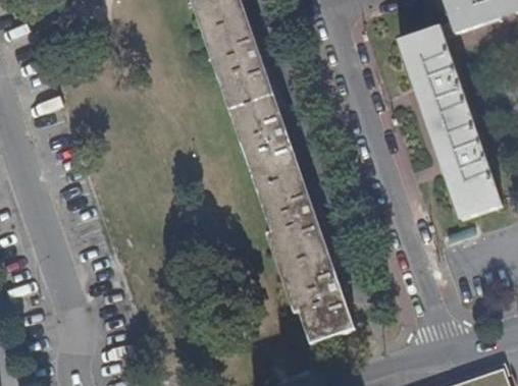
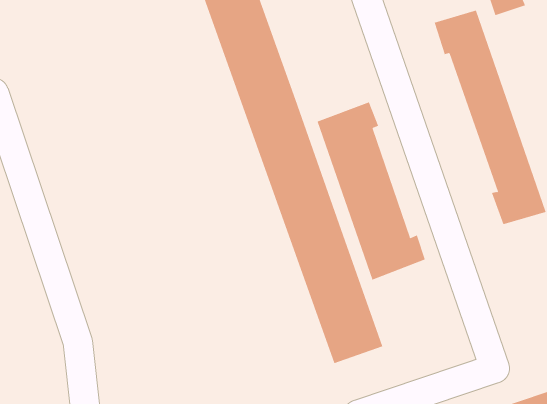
building: none -> [317,101,426,280]

